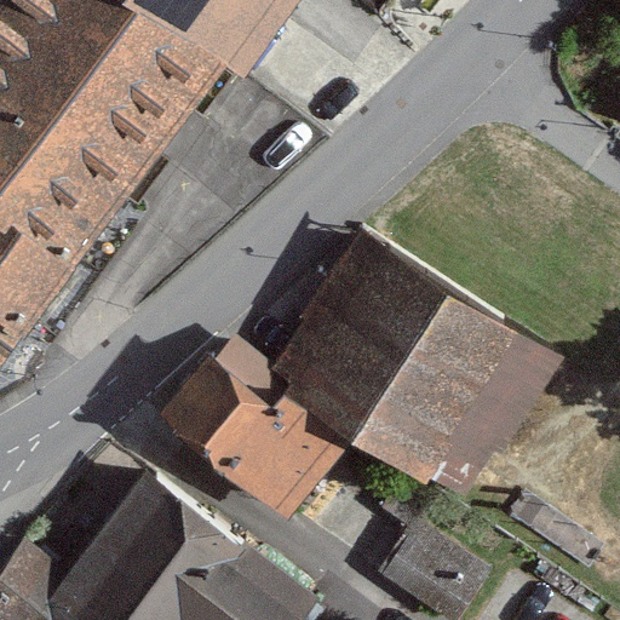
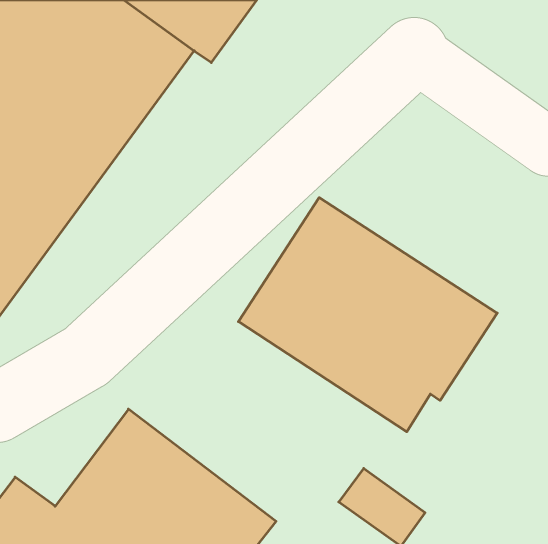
building: [159,344,341,511] -> none

